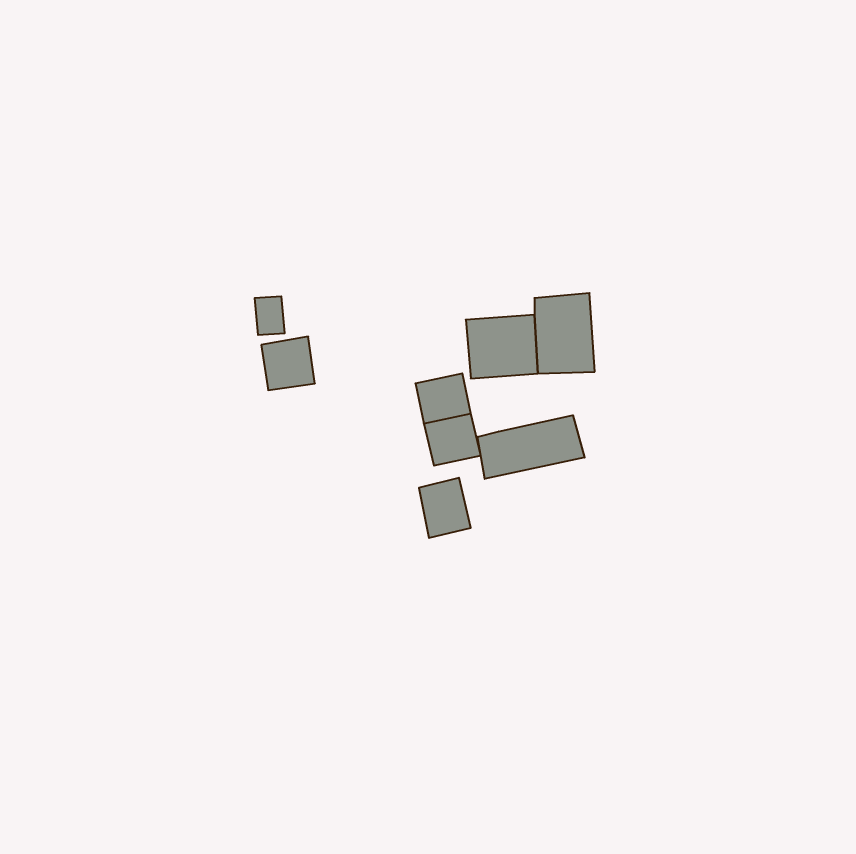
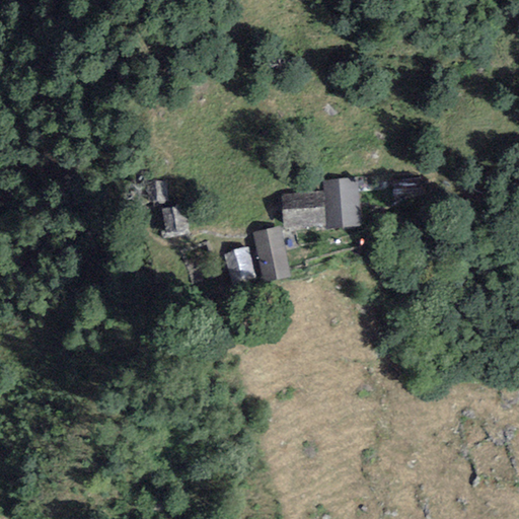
building: [478,415,585,479] -> none
building: [419,478,471,538] -> [225,246,256,283]

